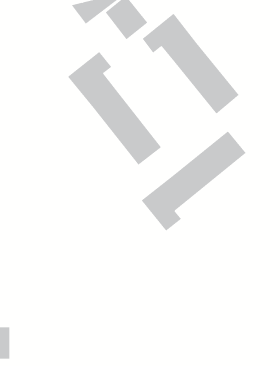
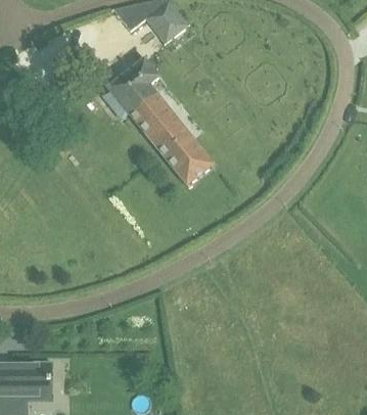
building: [142,13,240,114] -> none
building: [141,131,247,231] -> none

